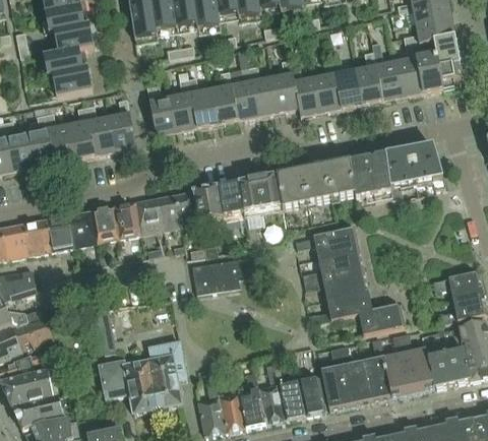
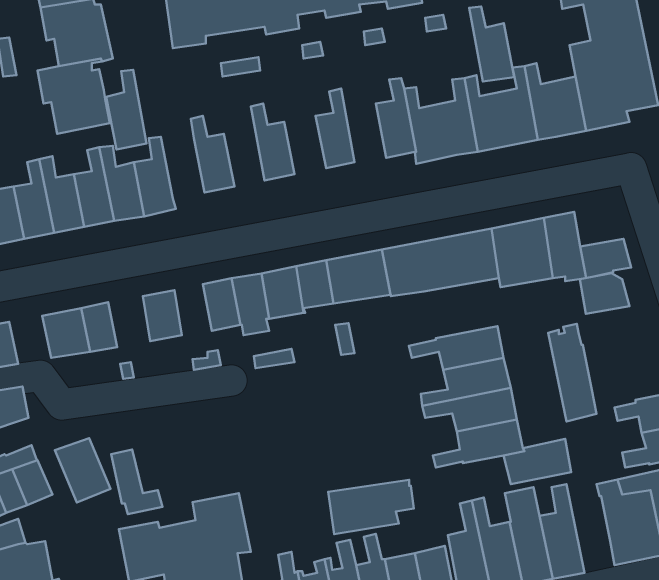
building: [249,64,280,115] -> [469,6,514,82]
building: [210,69,239,123] -> none
building: [170,77,197,131] -> [106,70,147,149]
building: [407,144,440,172] -> [580,273,630,314]
building: [136,197,162,232] -> none
building: [92,205,120,240] -> none
building: [24,218,53,251] -> none
building: [193,255,251,292] -> [328,480,414,534]
building: none -> [55,438,110,503]
building: [402,326,434,392] -> [548,324,596,421]

